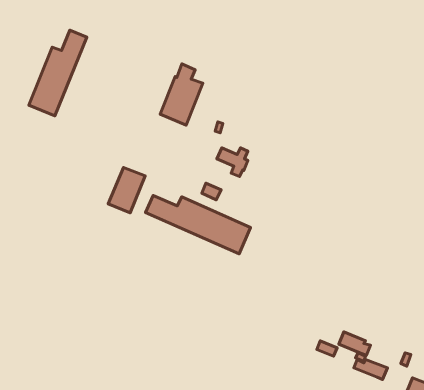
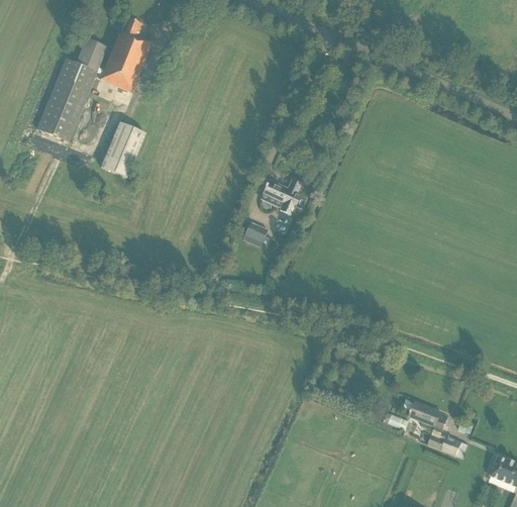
building: [160,64,203,125] -> [100,17,151,91]
building: [108,168,145,213] -> [100,122,144,177]
building: [146,195,251,254] -> none

